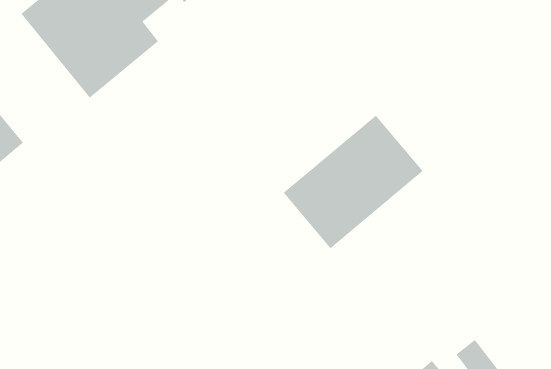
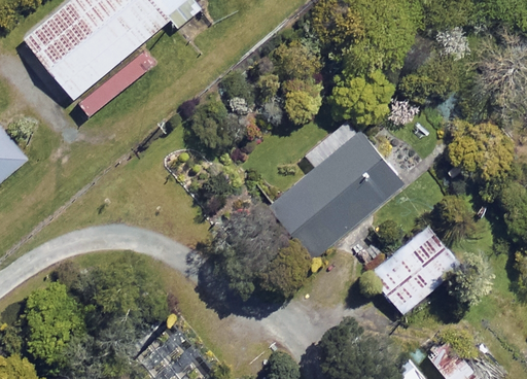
building: none -> [368,225,461,313]

